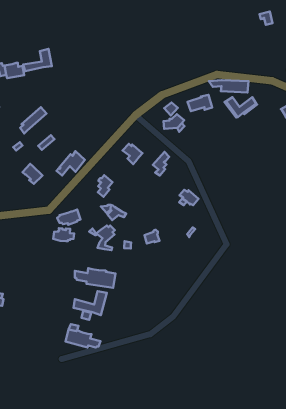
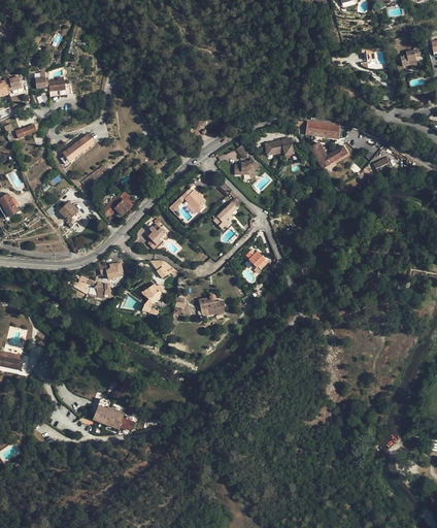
building: [23,49,52,71] -> none
building: [75,268,115,288] -> none
building: [73,291,107,315] -> none

